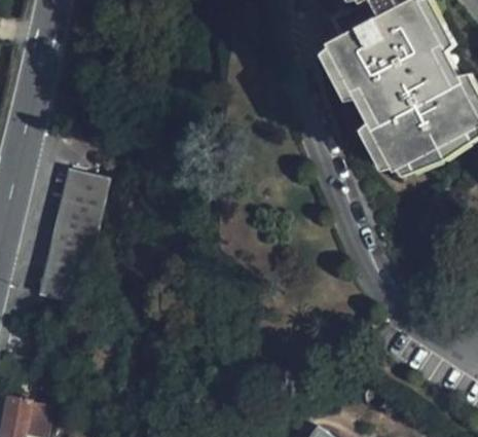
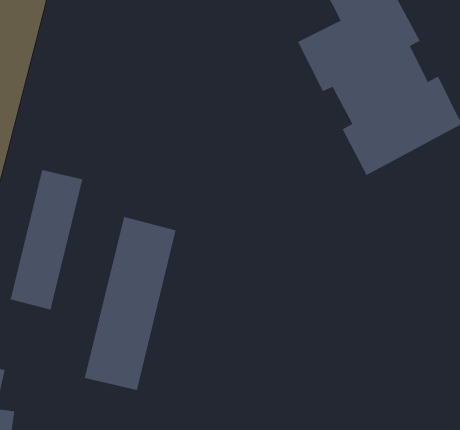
building: none -> [84,216,176,391]

